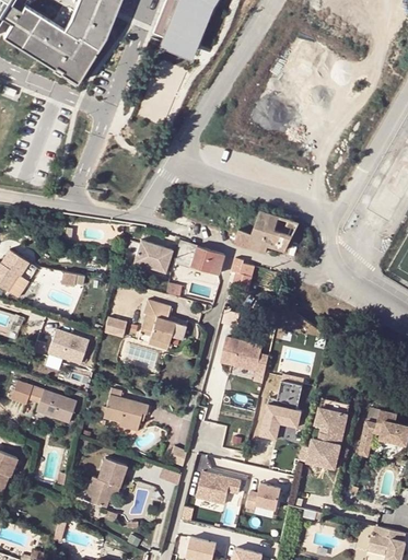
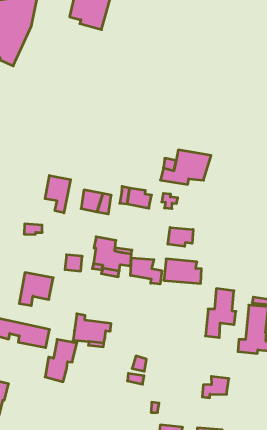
building: none -> [45,175,71,213]
building: none -> [168,227,193,246]
building: none -> [131,258,162,284]
building: [84,457,128,509] -> [45,339,77,382]
building: [197,474,243,505] -> none

